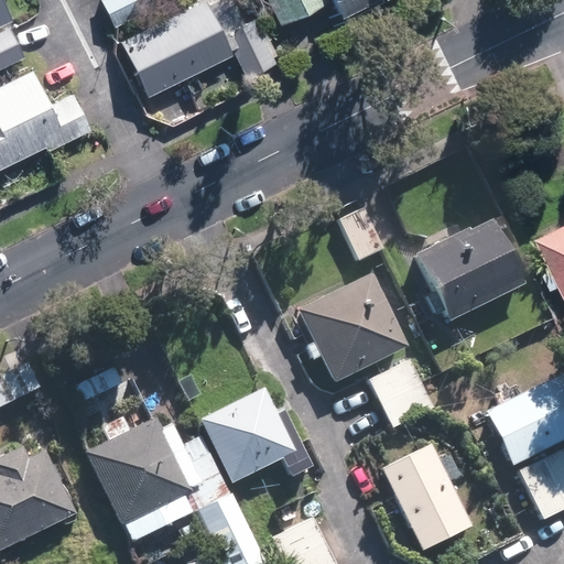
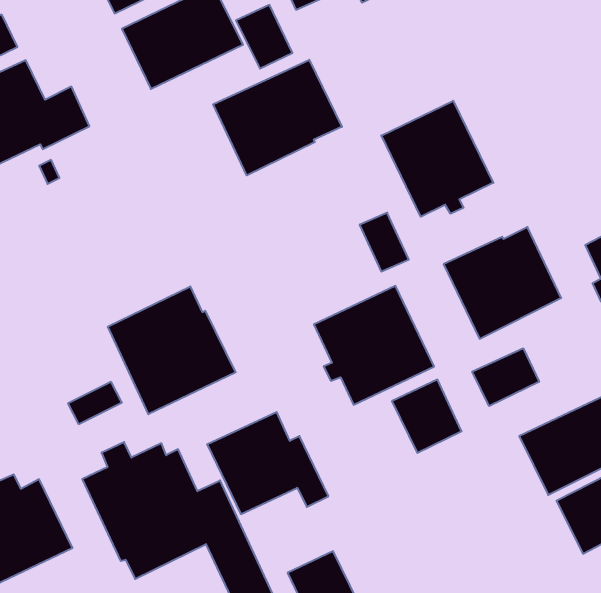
building: none -> [213,60,342,175]
building: none -> [381,101,493,217]
building: none -> [108,286,236,414]
building: none -> [472,348,539,406]
building: [381,445,473,551] -> none

